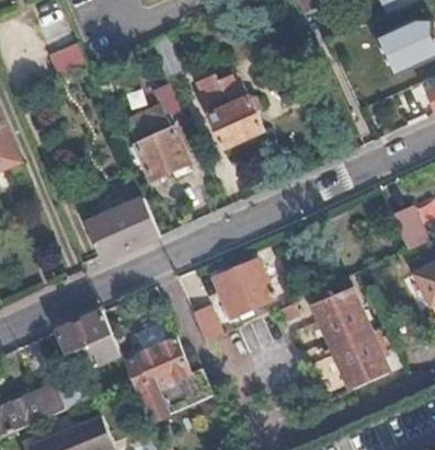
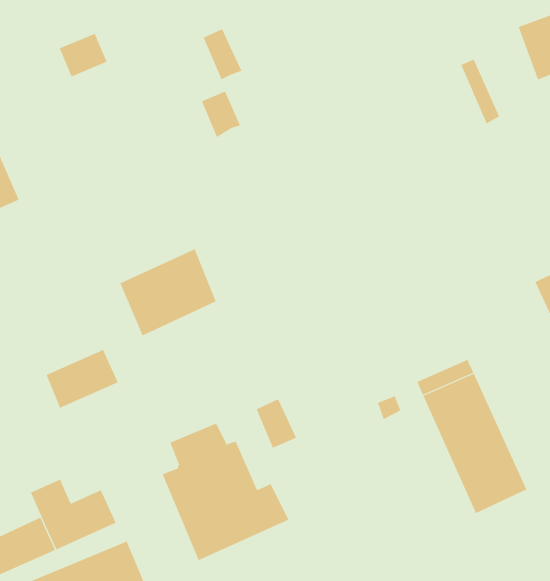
building: [194,70,261,142] -> none
building: [134,126,184,176] -> none
building: [213,259,272,316] -> none
building: [59,309,112,351] -> [46,349,119,408]

